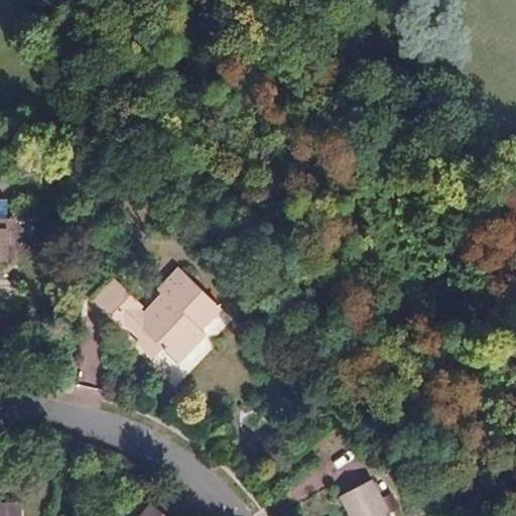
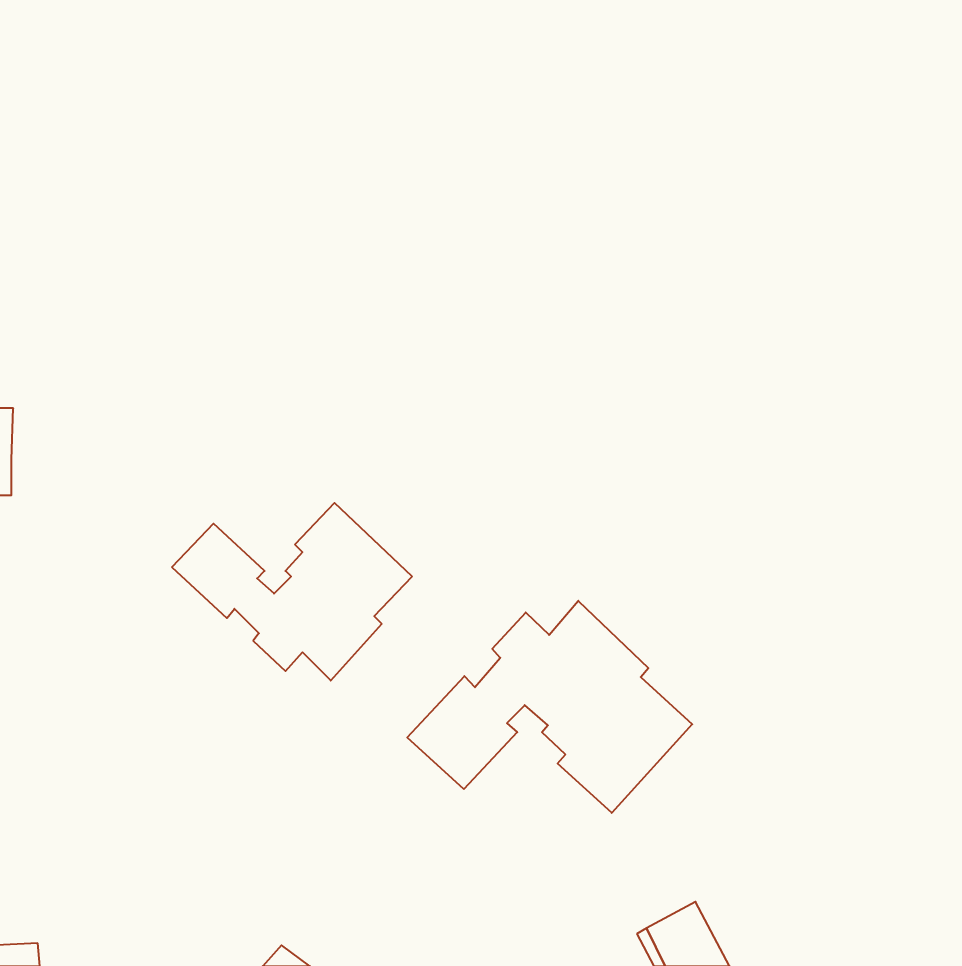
building: none -> [407,601,692,813]

